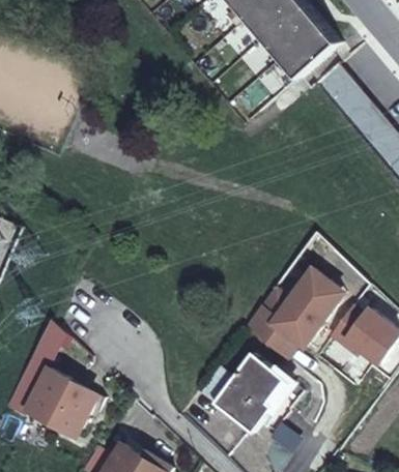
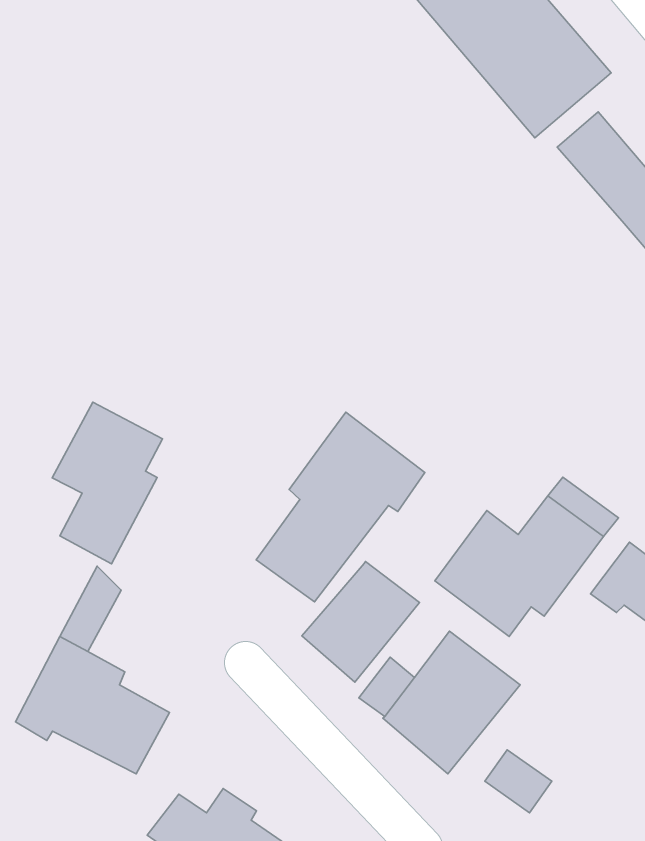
building: none -> [52,402,162,564]
building: none -> [256,412,425,602]
building: none -> [302,561,419,682]

